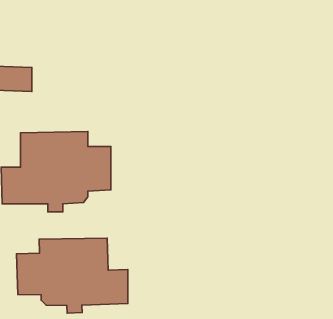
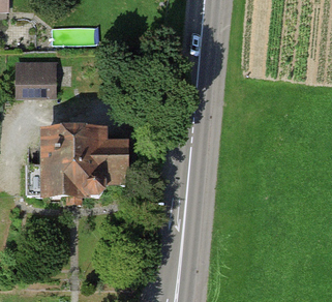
building: [16,238,128,313] -> none

